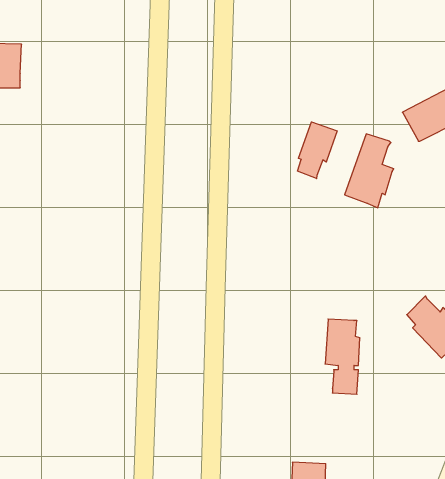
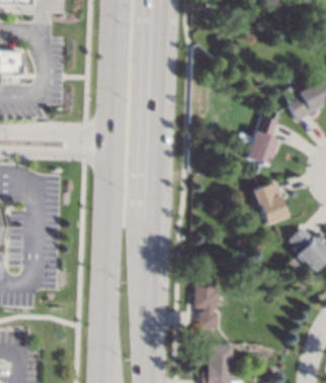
building: [298,122,337,179] -> none
building: none -> [254,182,290,223]
building: [325,319,360,394] -> [194,276,219,328]

